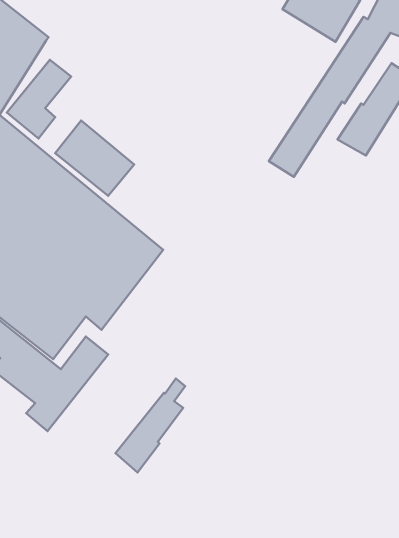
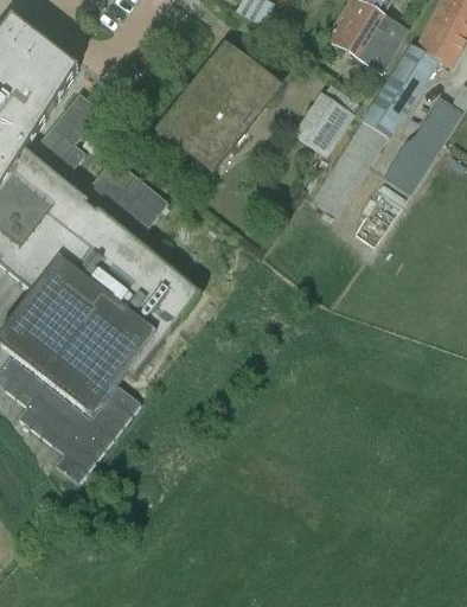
building: none -> [159,49,275,164]
building: none -> [292,90,354,155]
building: [116,379,185,472] -> none

